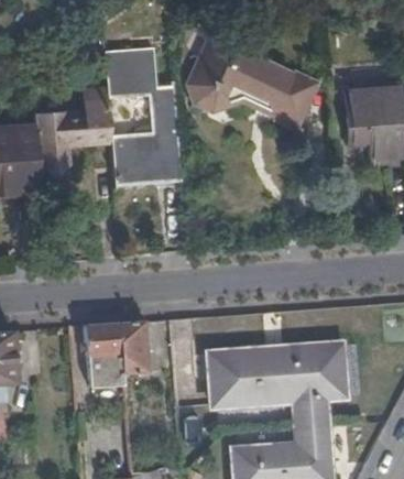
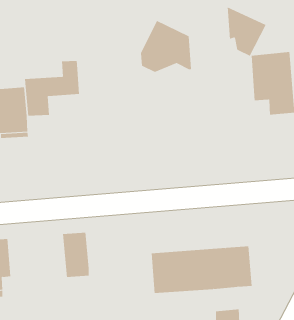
building: [106,47,183,186] -> none
building: [261,56,315,124] -> [227,6,266,56]
building: [120,323,149,373] -> none
building: [294,399,329,432] -> none

